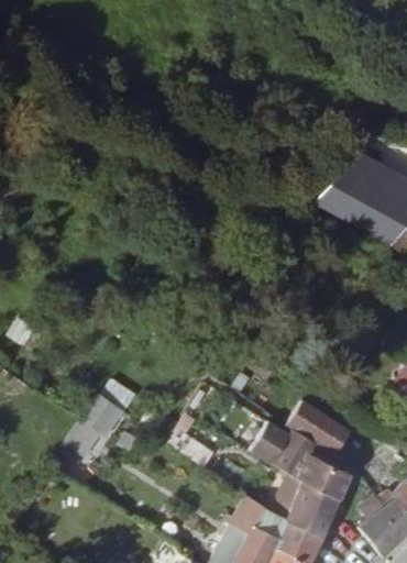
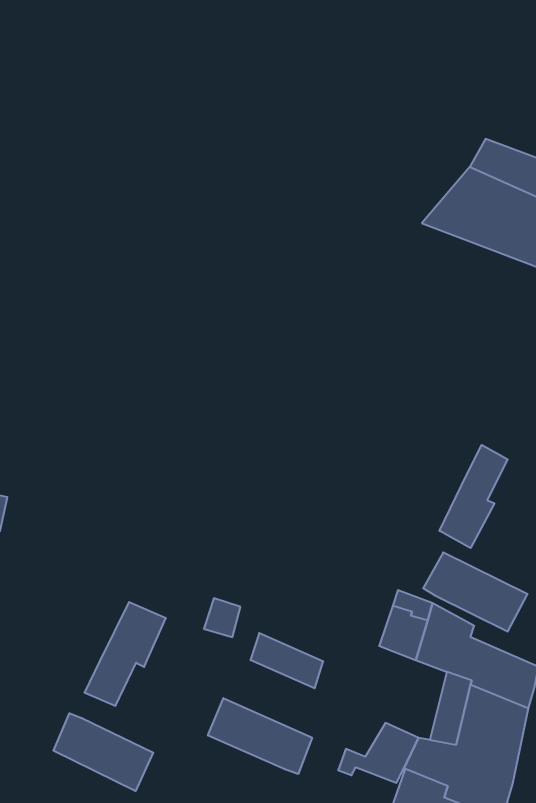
building: none -> [439,445,508,548]
building: none -> [53,713,153,791]
building: none -> [208,698,312,774]

